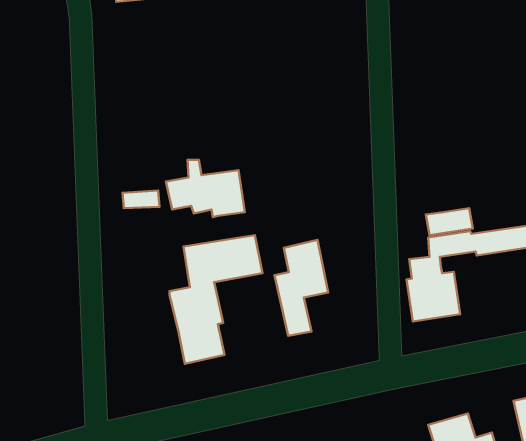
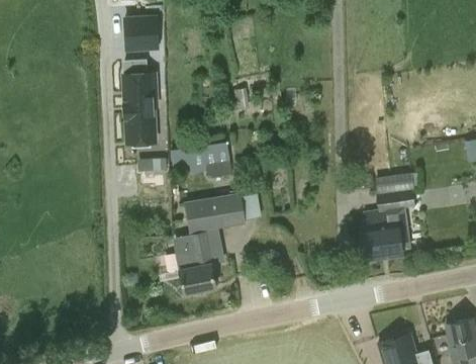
building: none -> [124,14,161,52]
building: none -> [124,61,157,144]
building: [275,240,328,336] -> none

